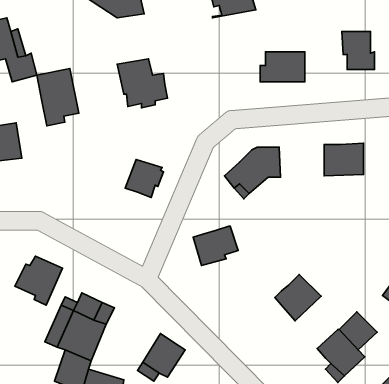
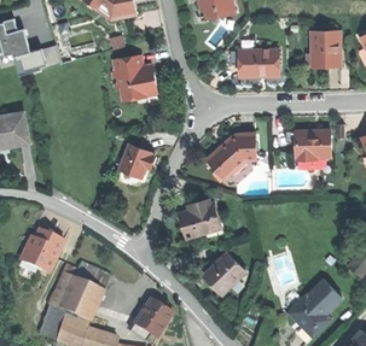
building: [37,68,79,126] -> none
building: [275,274,321,321] -> [204,253,245,294]

